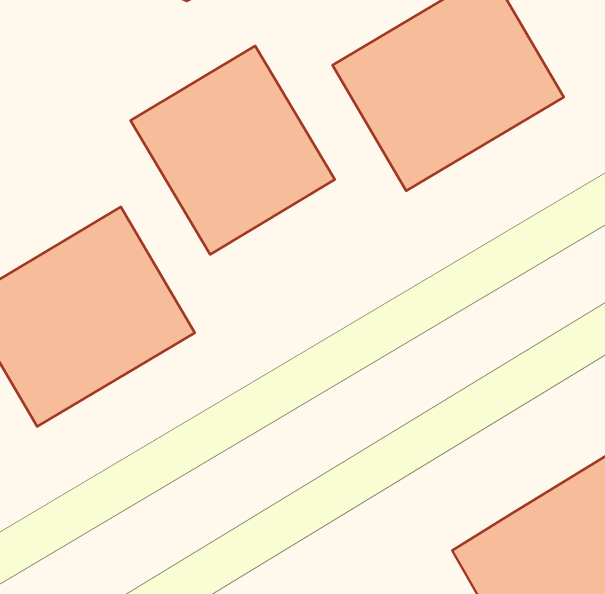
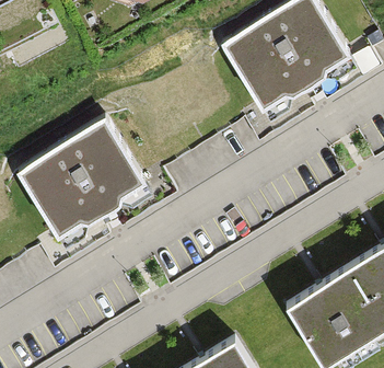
building: [131,46,335,254] -> none

